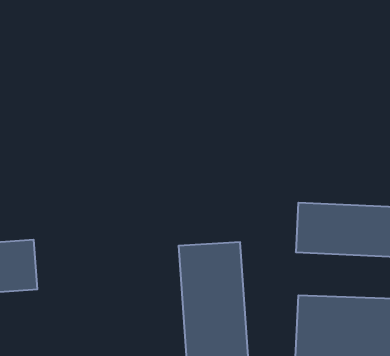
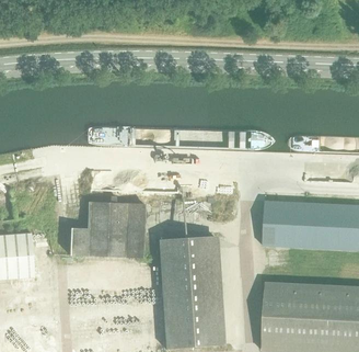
building: none -> [70,203,152,257]

